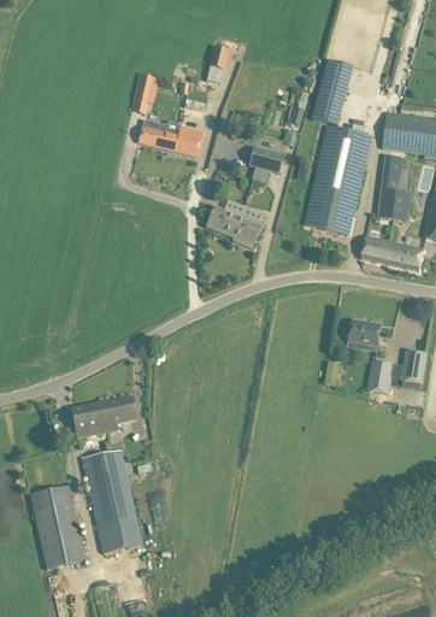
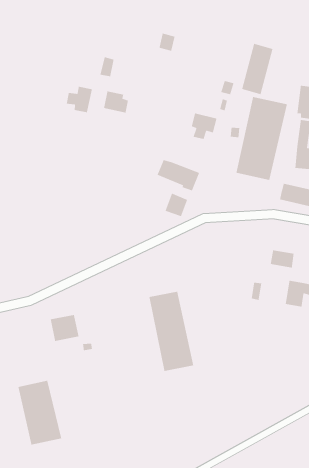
building: none -> [66,86,93,113]
building: [167,125,201,154] -> none
building: none -> [165,192,188,217]
building: [102,395,136,430] -> none
building: [83,449,141,552] -> [148,291,194,372]

